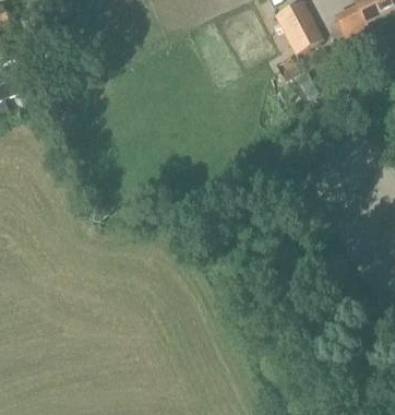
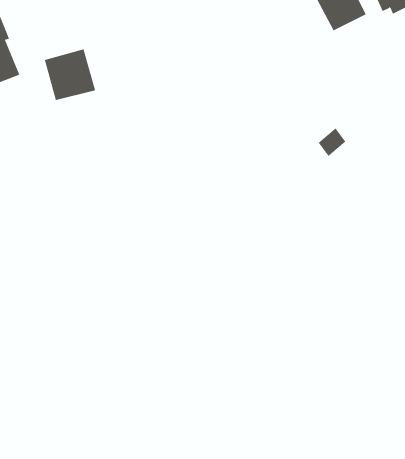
building: none -> [44,49,96,101]

